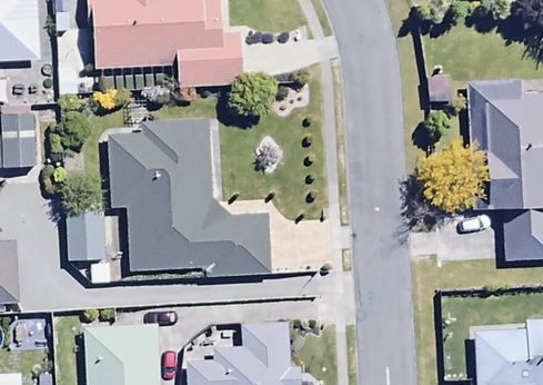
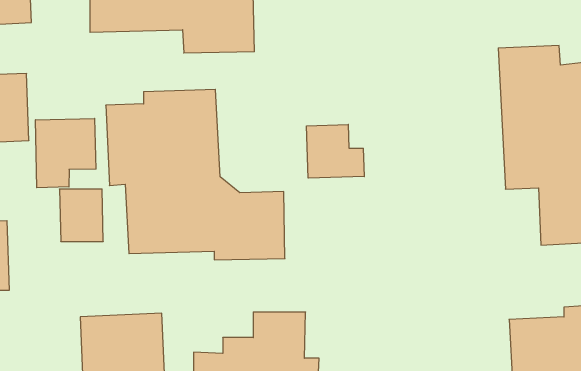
building: none -> [36,118,96,188]
building: none -> [307,124,364,178]

